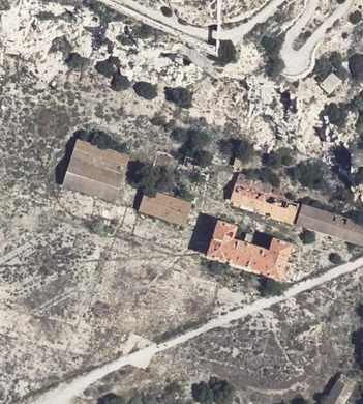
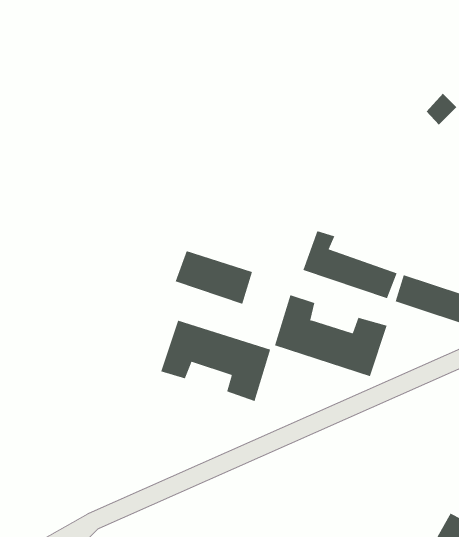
building: [62,140,127,200] -> none
building: none -> [160,320,271,402]

